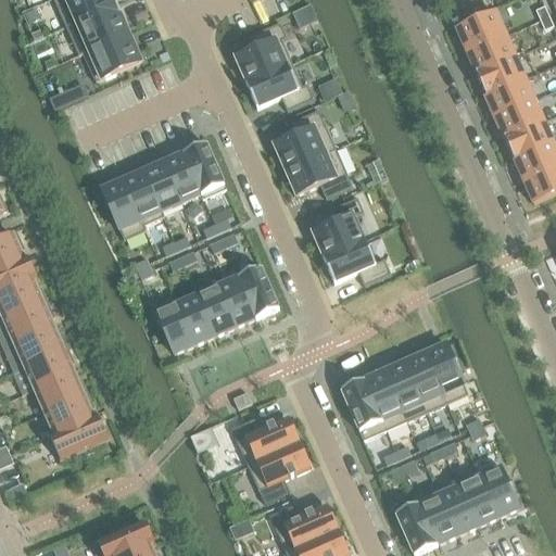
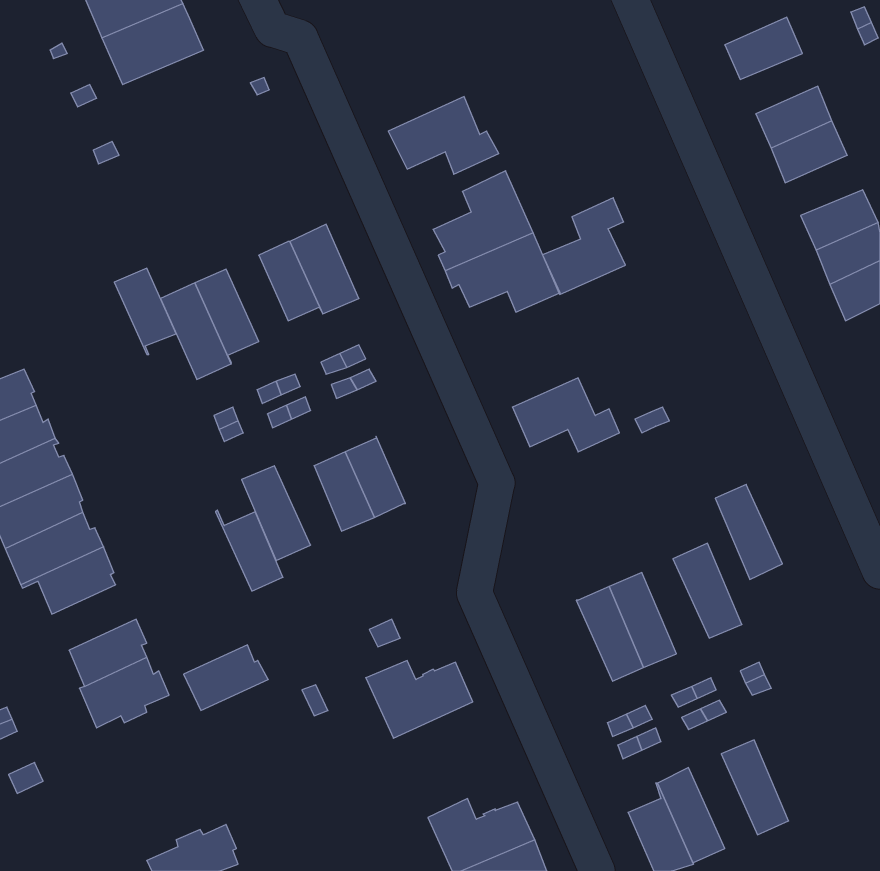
building: [235,21,292,83] -> none
building: [77,31,140,80] -> none
building: [466,34,515,72] -> none
building: [494,98,543,136] -> none
building: [142,161,181,215] -> [114,268,176,355]
building: [312,195,364,256] -> [543,198,625,294]
building: [237,265,278,317] -> none
building: [173,292,215,343] -> [216,510,283,591]
building: [404,352,446,412] -> [715,484,782,579]
building: [33,368,86,409] -> [184,645,268,710]
building: [340,378,386,439] -> none
building: [248,442,308,502] -> none
building: [475,462,518,517] -> none
building: [433,475,477,534] -> none

